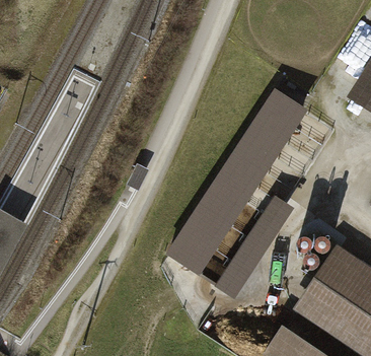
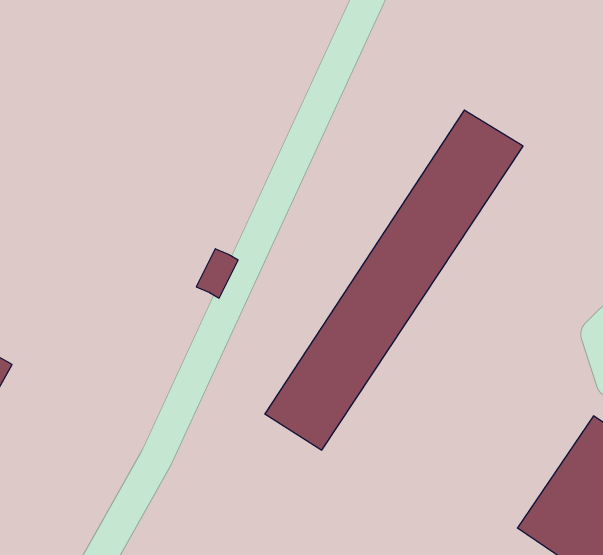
building: [209,188,299,301] -> none

